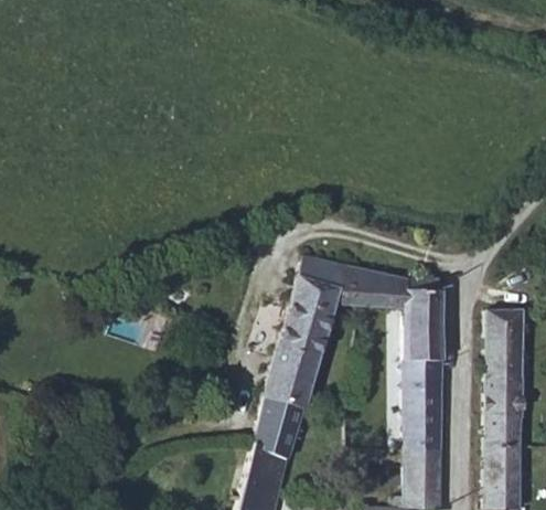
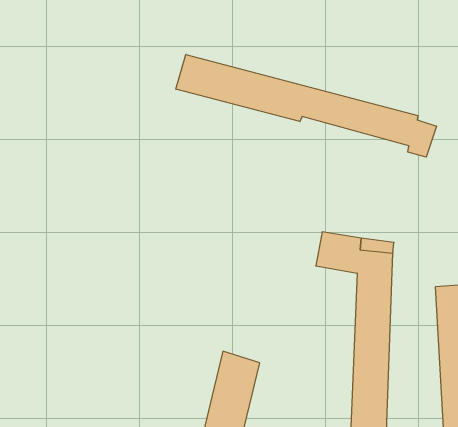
building: none -> [176,54,437,157]
building: [265,261,368,407] -> none

